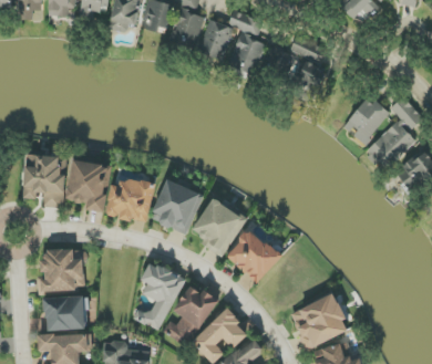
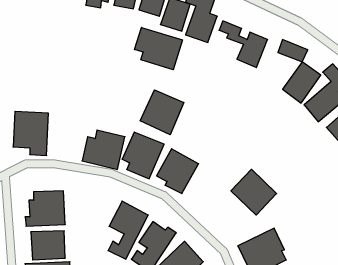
building: [290,35,326,62] -> [278,40,308,62]
building: none -> [135,27,182,70]
building: none -> [140,90,184,135]
building: [66,159,111,212] -> none
building: [226,229,280,283] -> [231,169,277,215]

